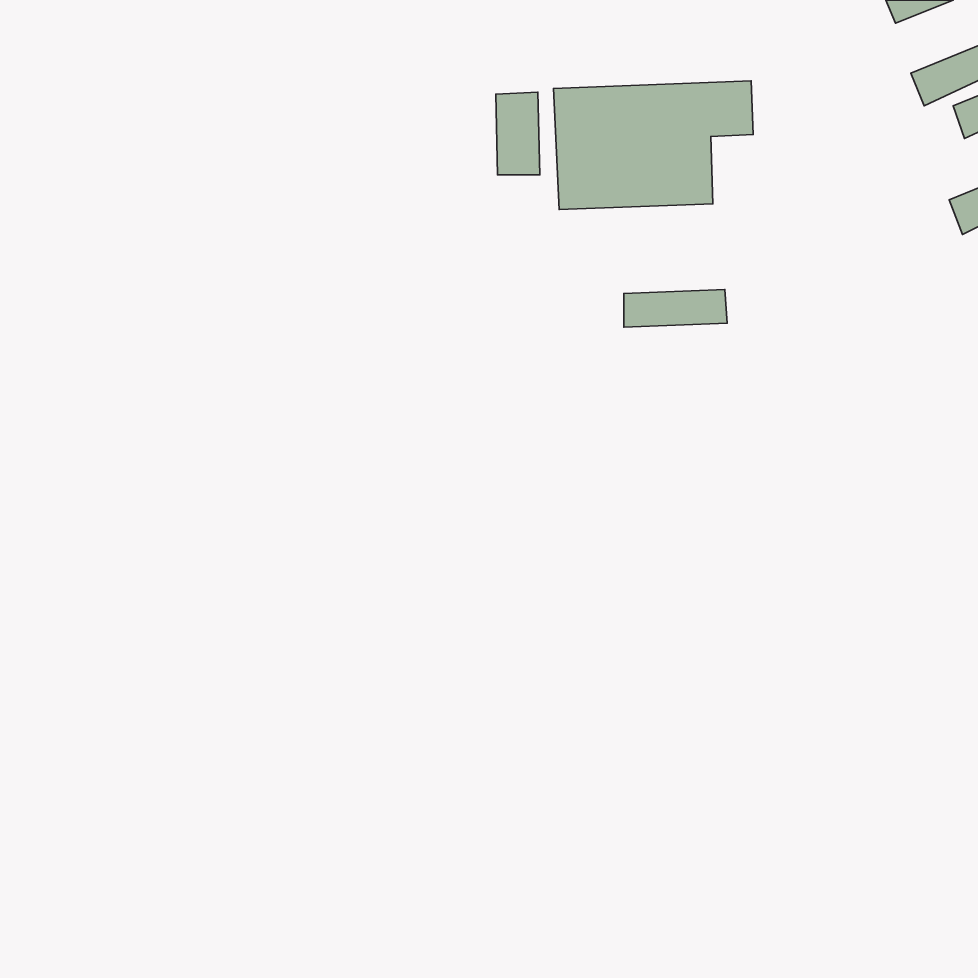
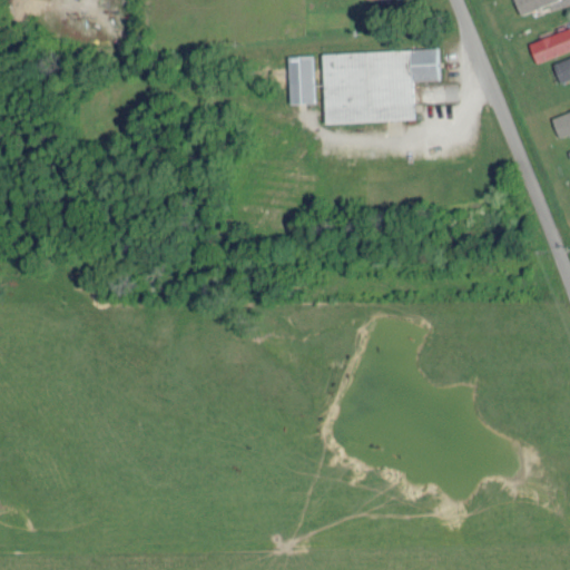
building: [624,290,727,327] -> none

